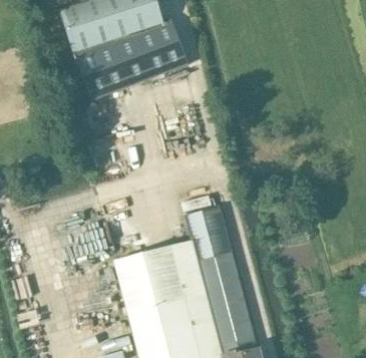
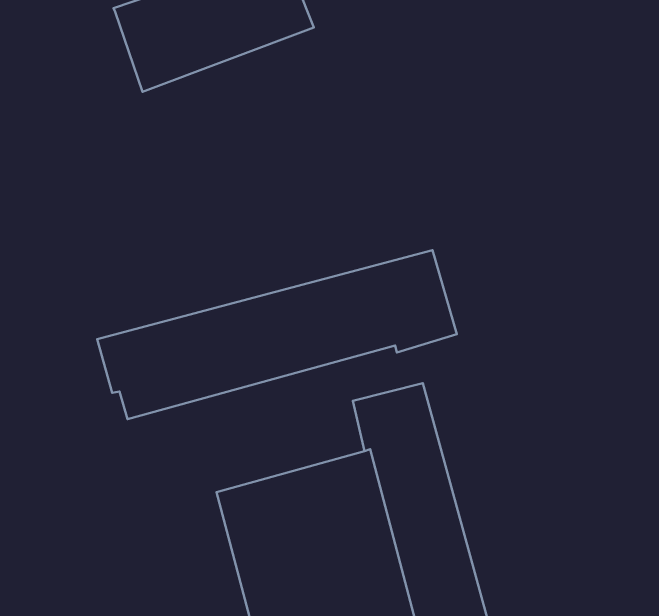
building: [74,18,188,100] -> none
building: none -> [97,250,457,419]

